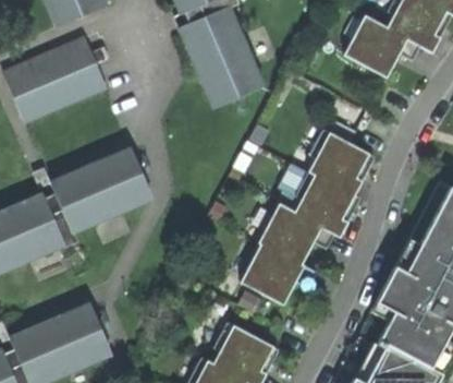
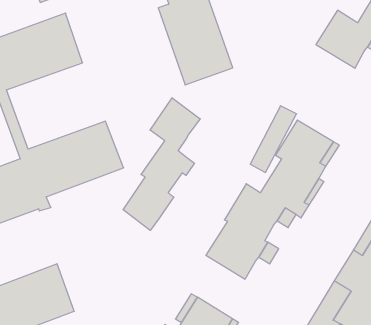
building: none -> [123,98,200,230]

